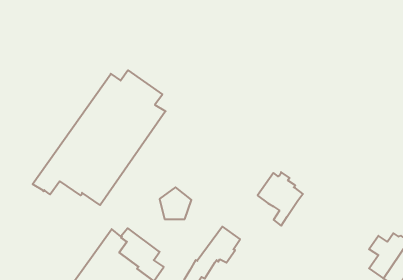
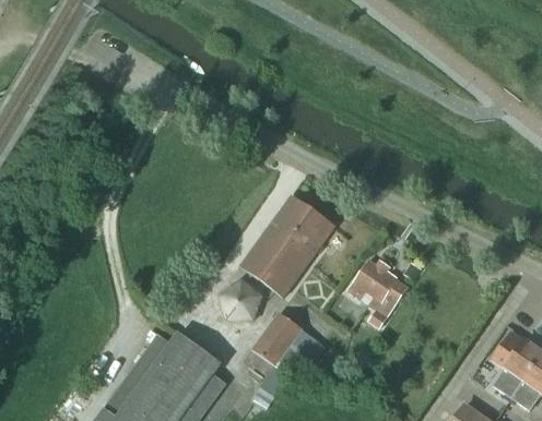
building: [33,70,166,205] -> none
building: none -> [240,194,334,296]
building: none -> [246,311,303,374]

